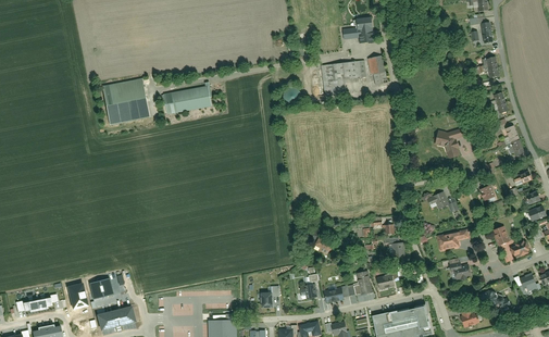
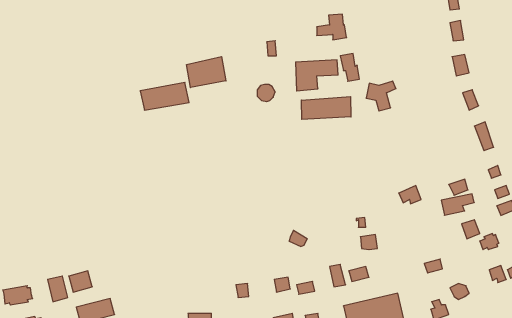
building: none -> [187,57,226,88]
building: [102,78,149,125] -> none
building: none -> [301,97,351,119]
building: [435,128,465,159] -> [366,81,396,111]
building: [436,229,470,251] -> [441,194,474,215]

